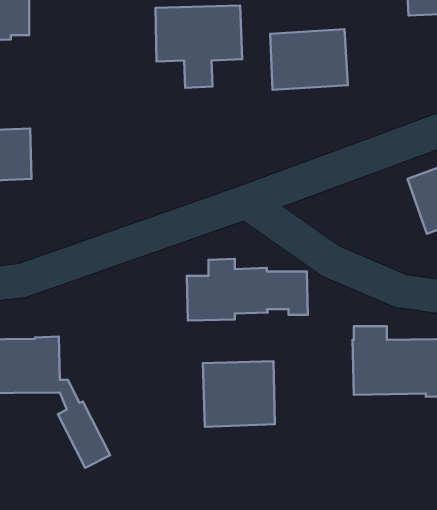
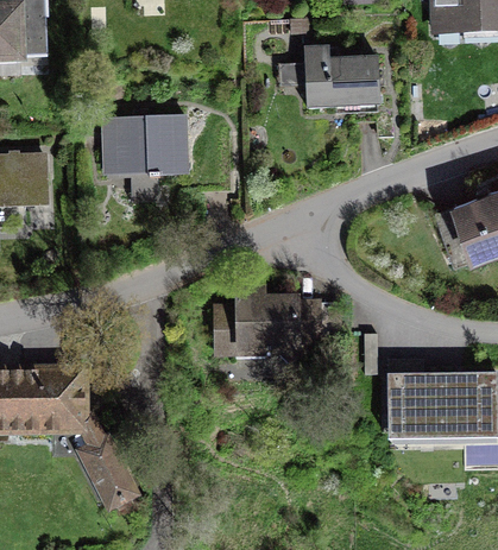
building: [155,6,242,88] -> [103,115,194,201]
building: [203,361,275,427] -> none

